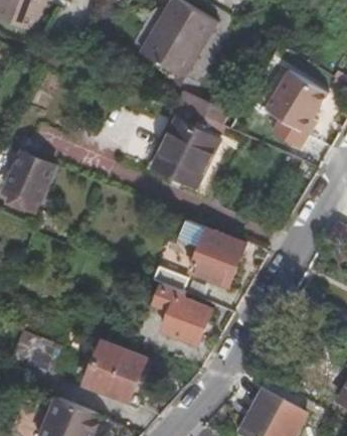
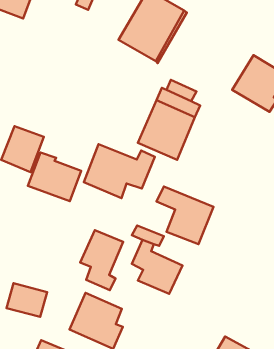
building: none -> [84,144,155,198]
building: none -> [28,153,81,201]
building: none -> [80,230,123,290]

